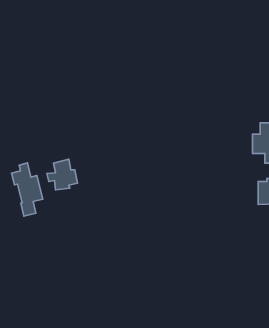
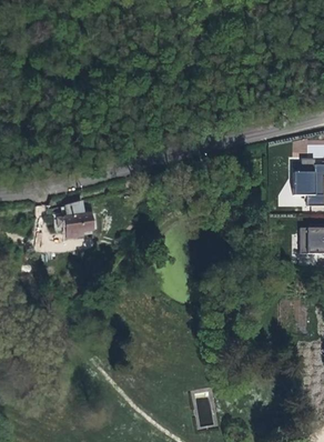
building: [12,163,43,216] -> none

